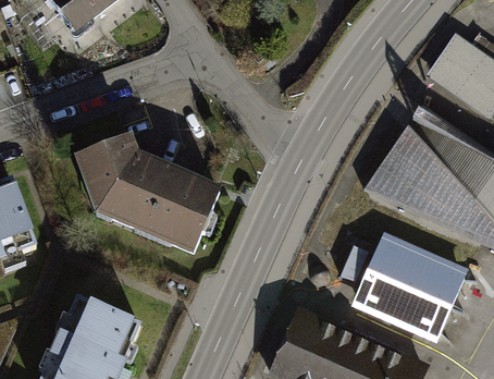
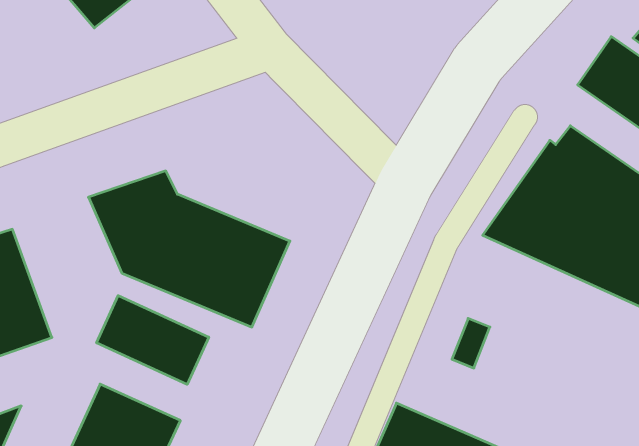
building: none -> [97,296,209,384]
building: [359,237,465,332] -> none

